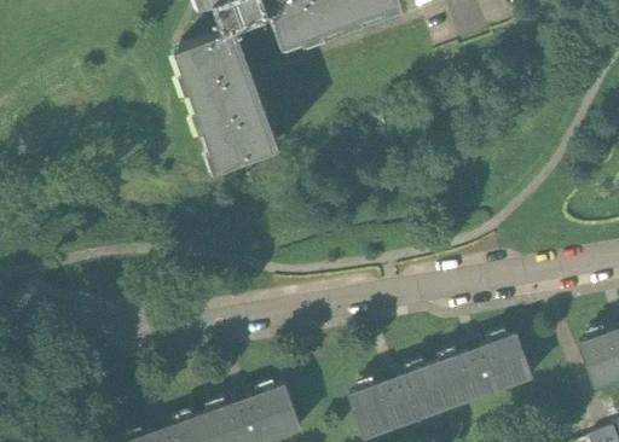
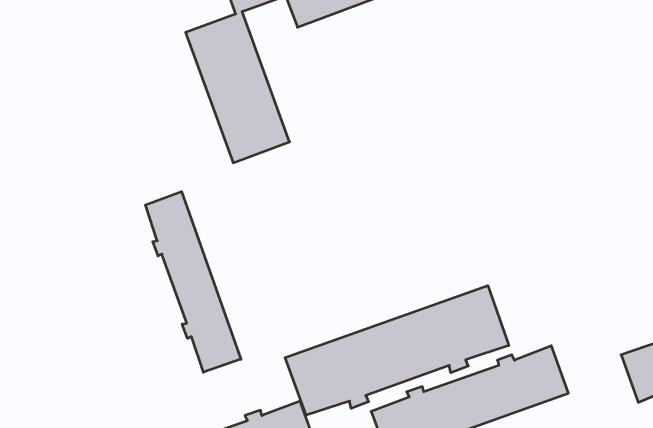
building: none -> [145,192,241,372]
building: none -> [285,286,509,415]

